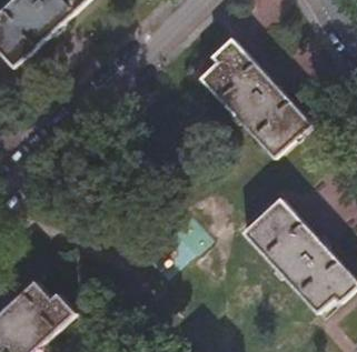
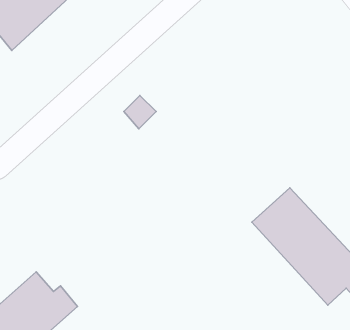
building: [202,37,311,158] -> none

